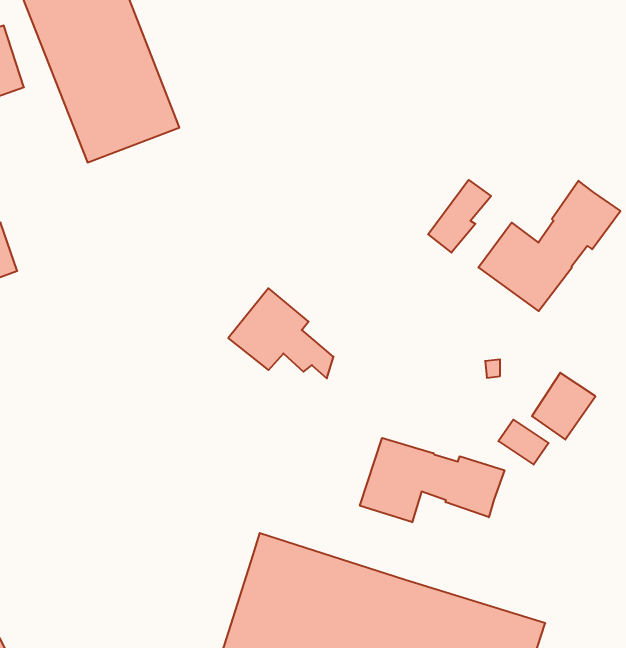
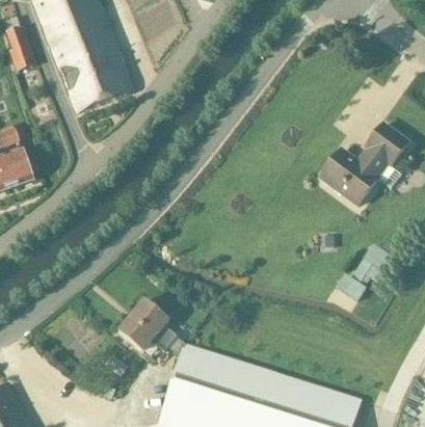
building: [428,180,491,253] -> none
building: [228,288,334,378] -> [117,299,183,355]
building: [360,438,504,522] -> none

